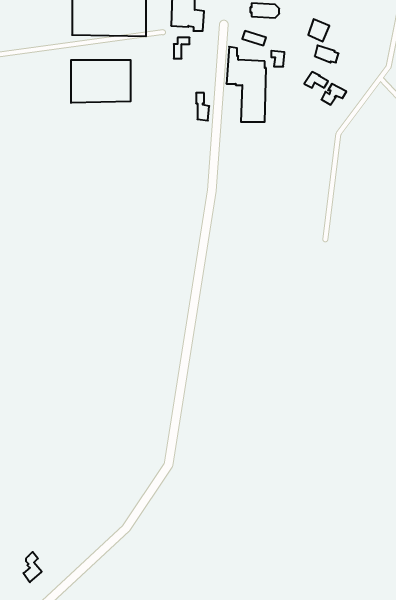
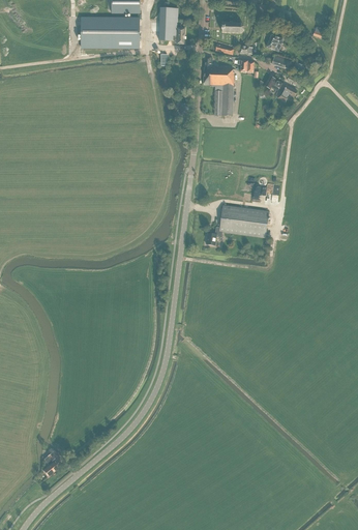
building: [71,60,131,103] -> none
building: none -> [205,205,268,244]

